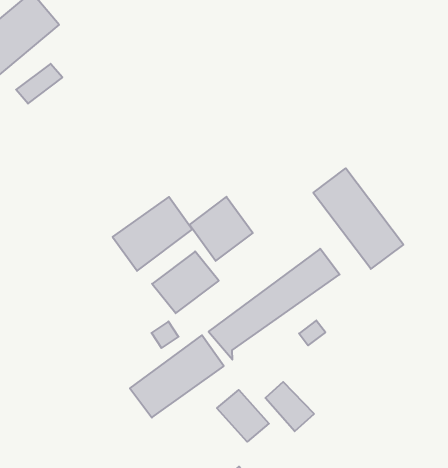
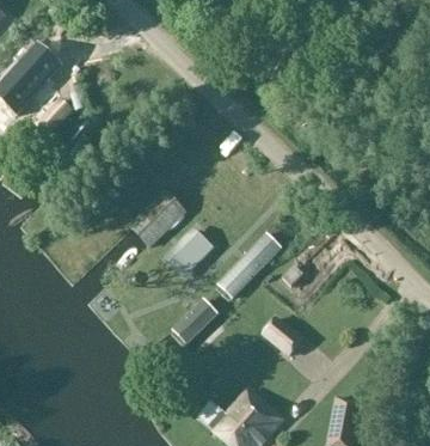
building: [313,168,403,269] -> none
building: [190,197,253,261] -> none
building: [217,390,269,442] -> none

